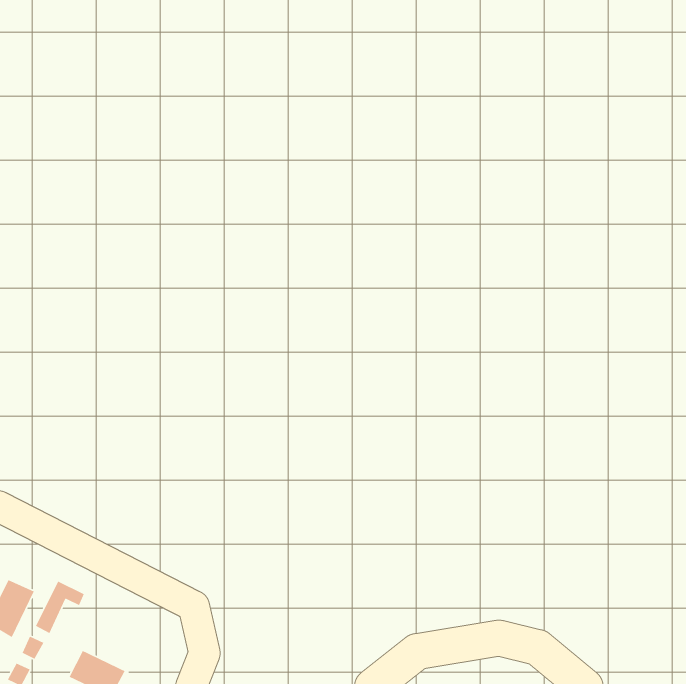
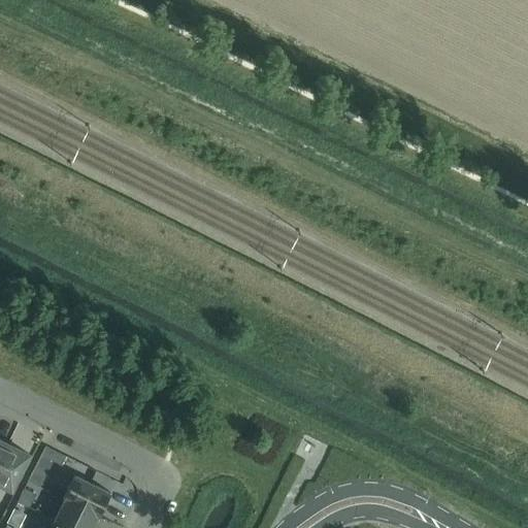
building: none -> [62,476,109,518]

